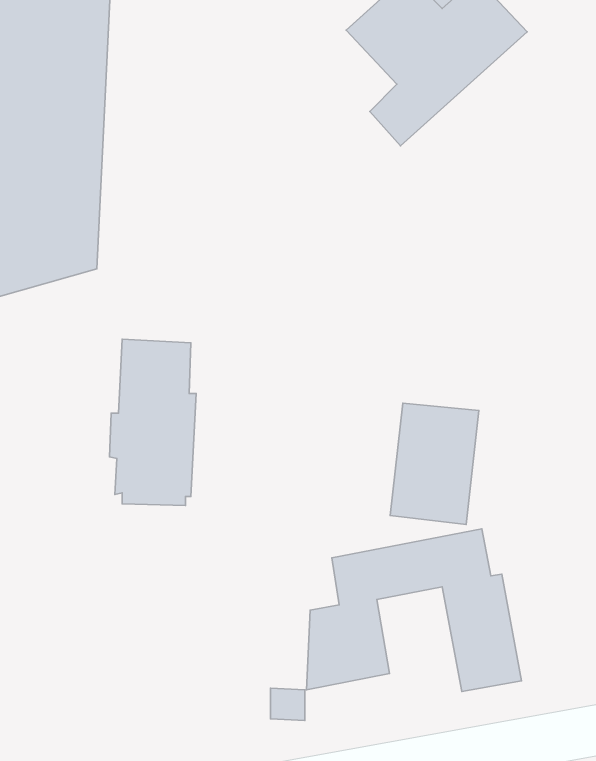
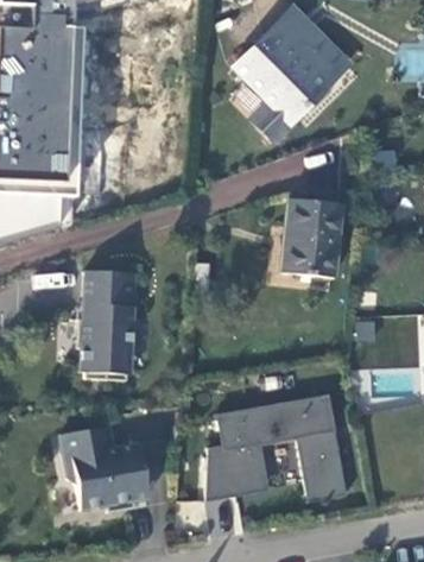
building: [390,403,479,524] -> [281,197,340,277]
building: none -> [62,425,150,512]

